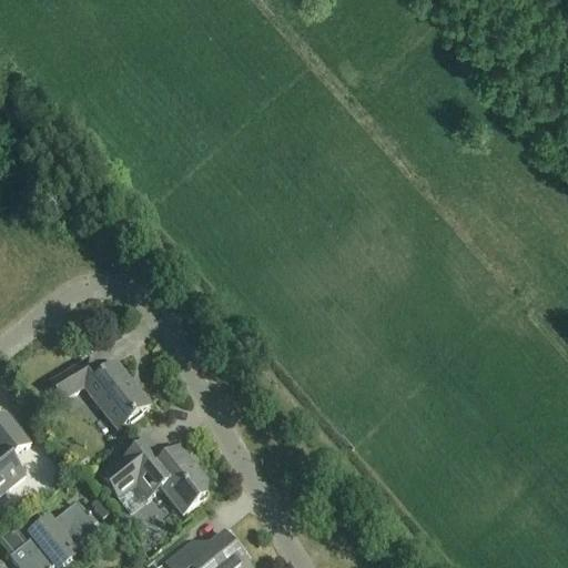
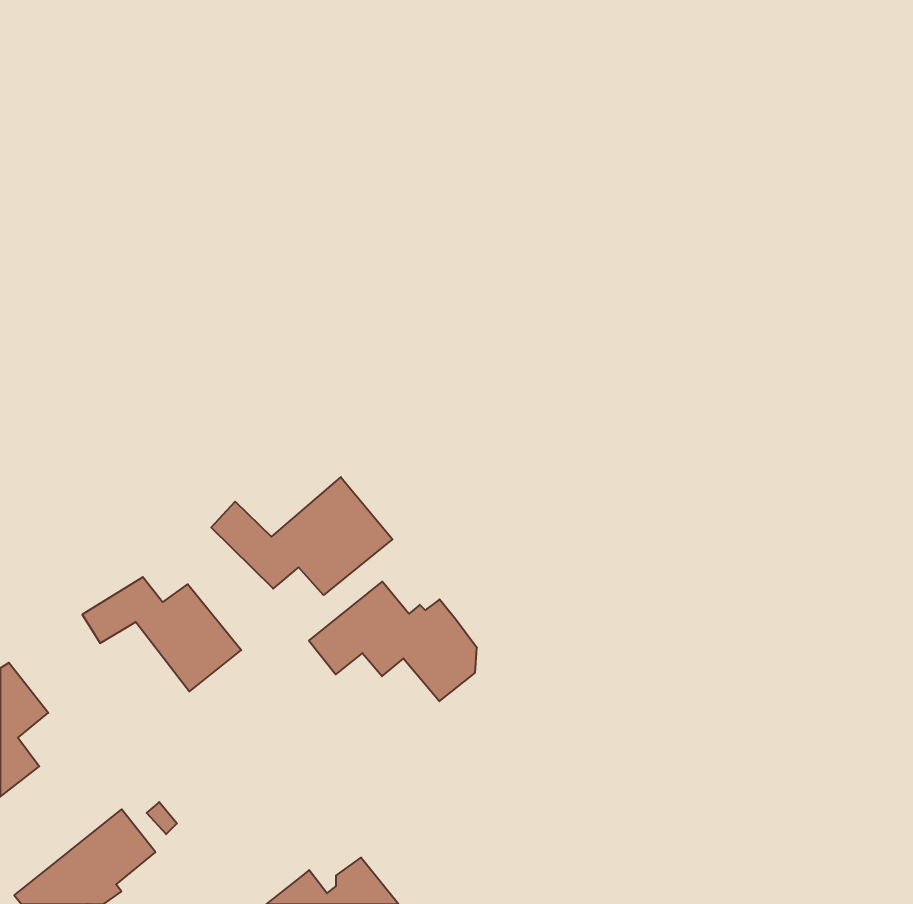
building: none -> [211,477,392,595]
building: [102,439,206,514] -> [309,582,477,701]

